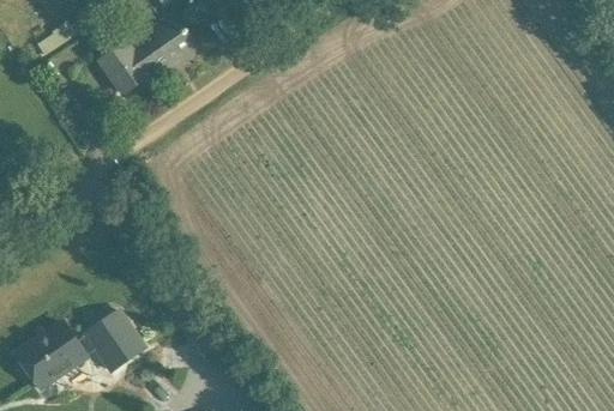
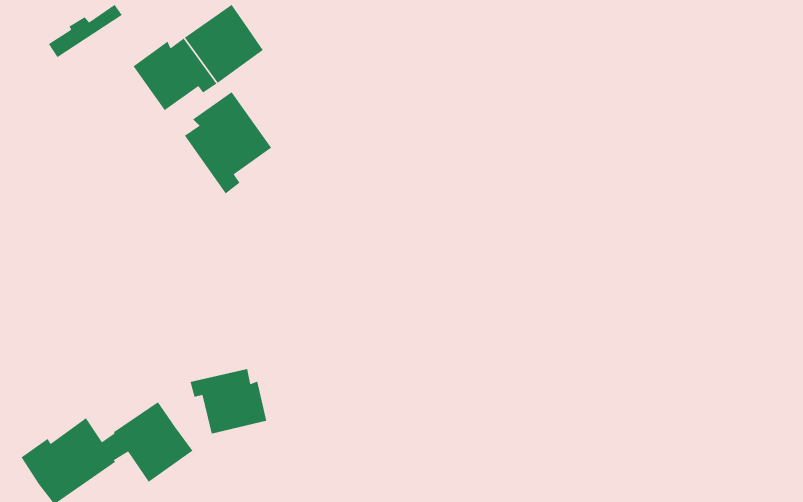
building: none -> [184,91,272,195]
building: none -> [189,368,267,434]

